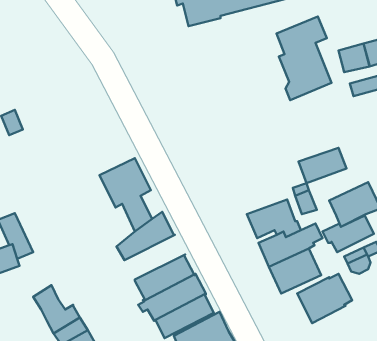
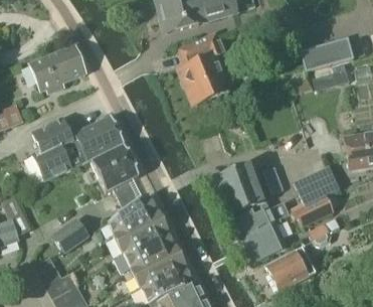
building: [276,16,331,100] -> [180,32,228,106]
building: none -> [30,44,85,90]
building: none -> [33,115,124,181]
building: [298,148,346,183] -> [215,163,257,194]
building: none -> [114,212,168,253]
building: none -> [54,218,91,253]

